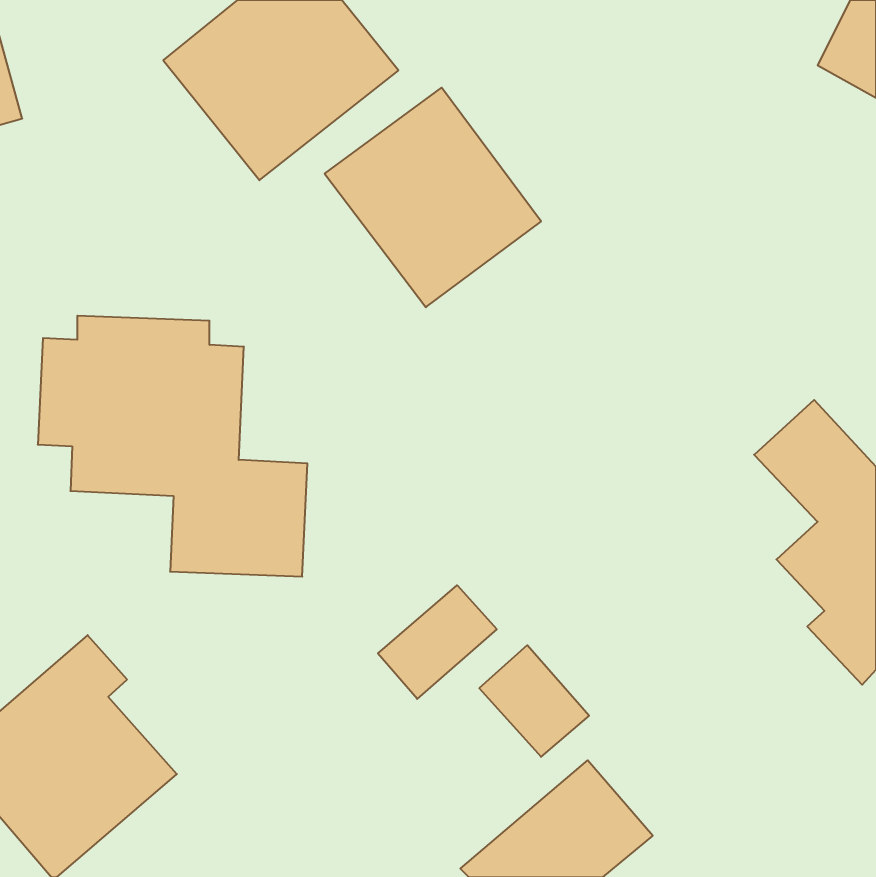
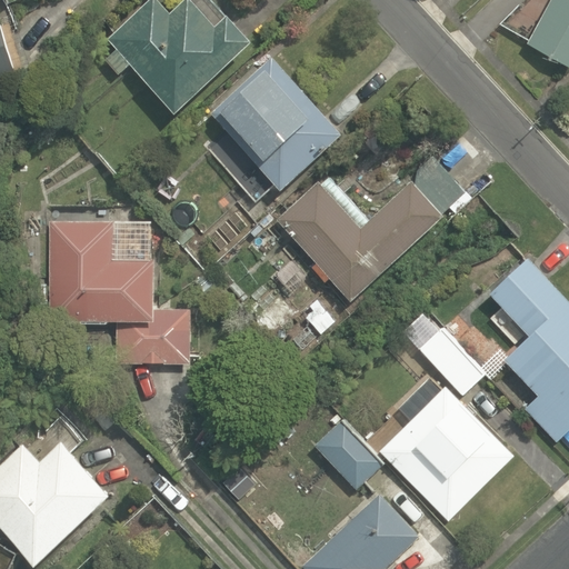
building: none -> [274,172,446,331]
building: none -> [385,307,515,520]
building: [378,585,497,699] -> none

